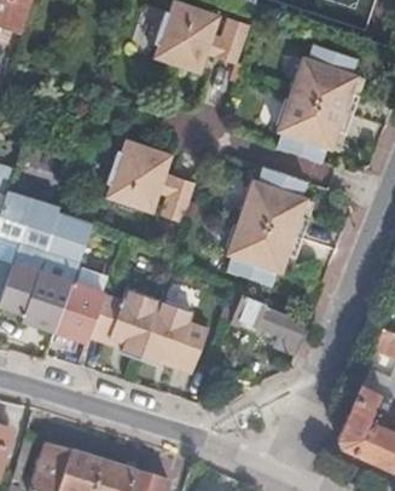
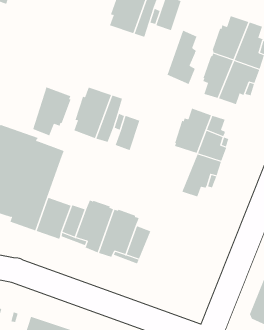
building: none -> [167,30,197,85]
building: none -> [33,86,71,136]
building: [226,218,269,278] -> none
building: [233,295,306,354] -> none

